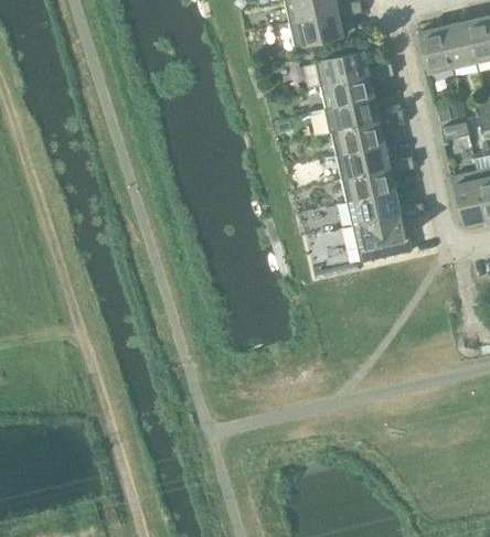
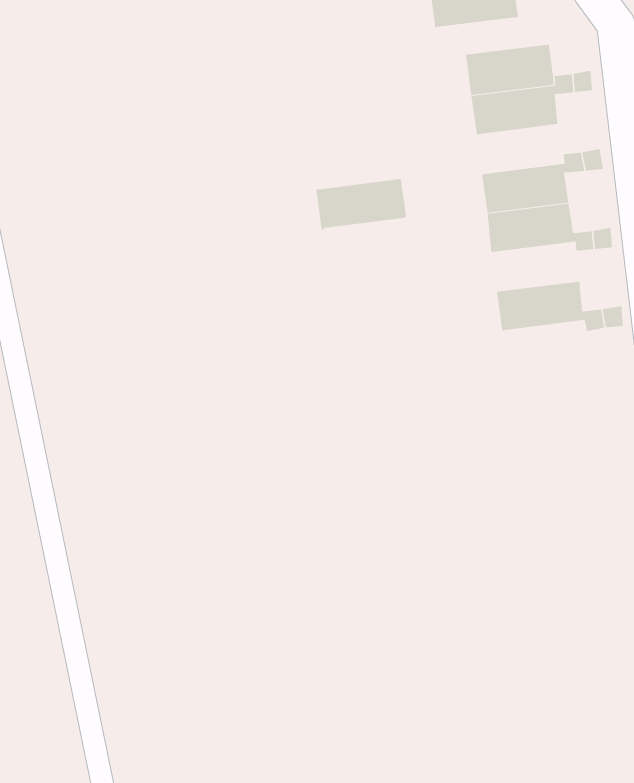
building: [323,98,380,133] -> [315,178,407,230]
building: [341,168,396,202] -> none
building: [352,214,412,262] -> none

